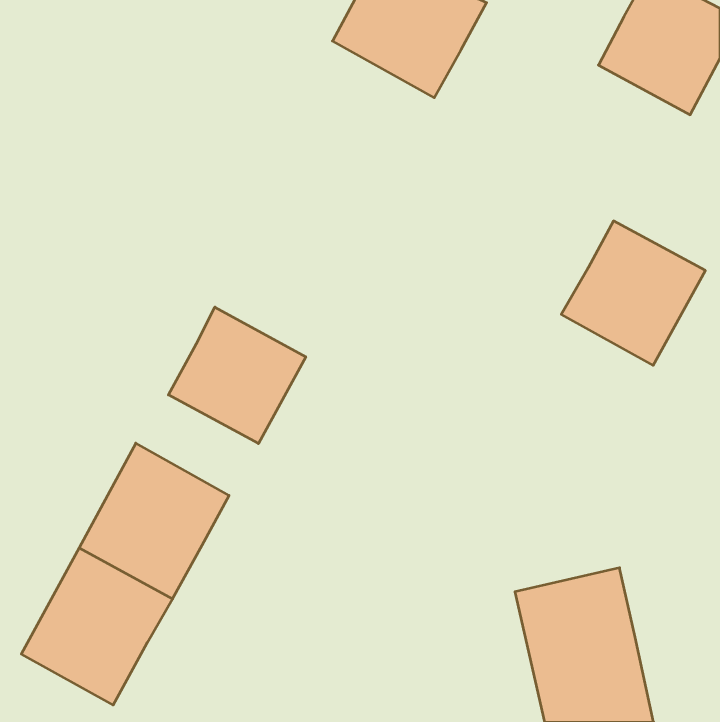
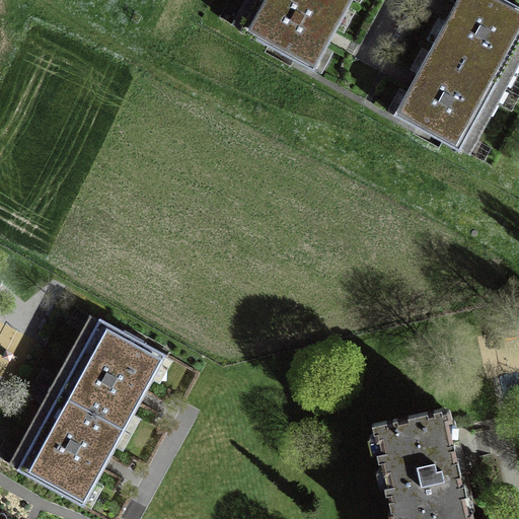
building: [561,221,705,365] -> [391,47,495,150]
building: [168,307,306,444] -> none

